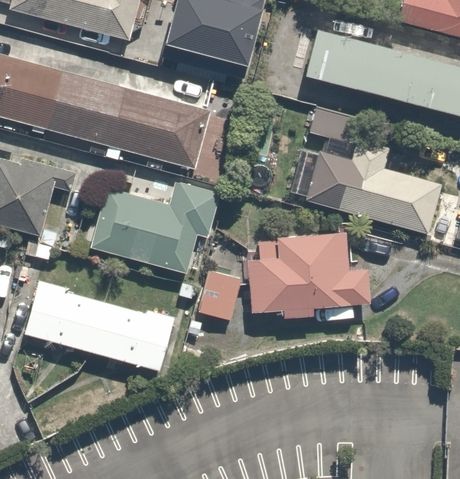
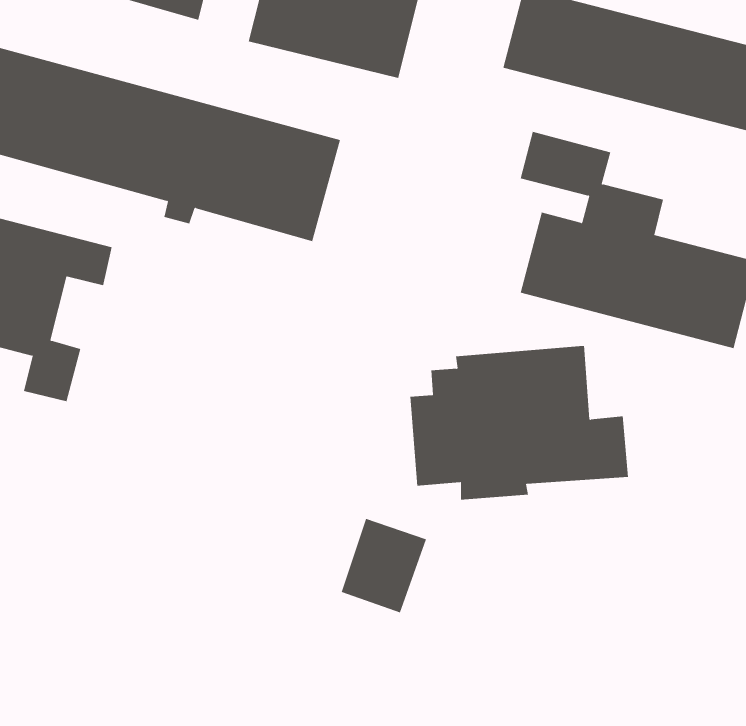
building: [90,180,223,279] -> none
building: [197,268,246,322] -> [341,518,427,613]
building: [23,280,174,370] -> none

